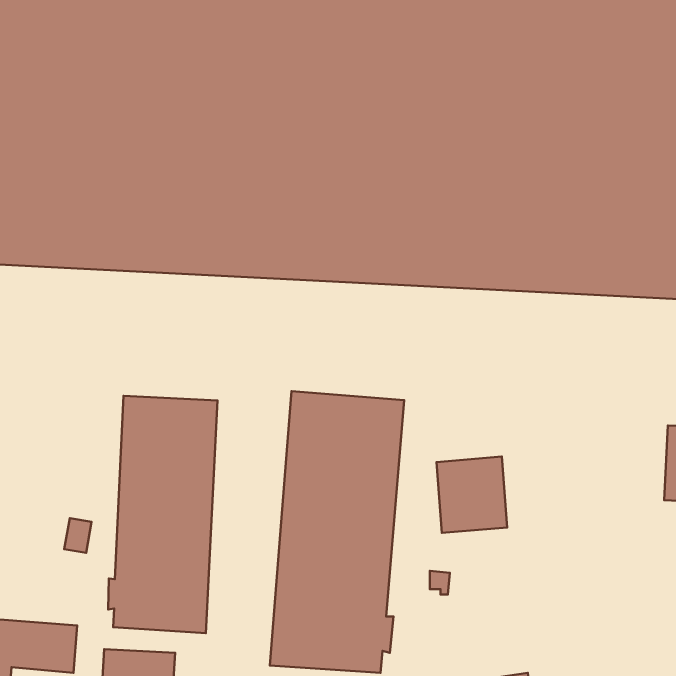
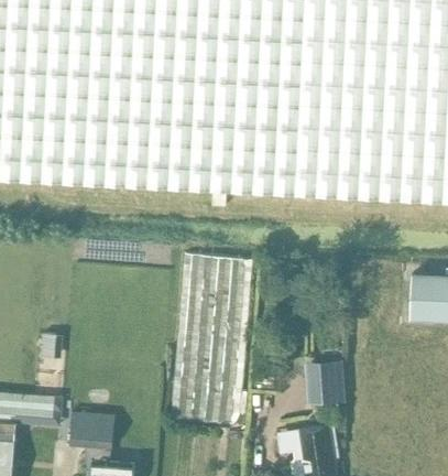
building: [108,396,218,633] -> none
building: [436,457,507,533] -> [303,359,346,405]

